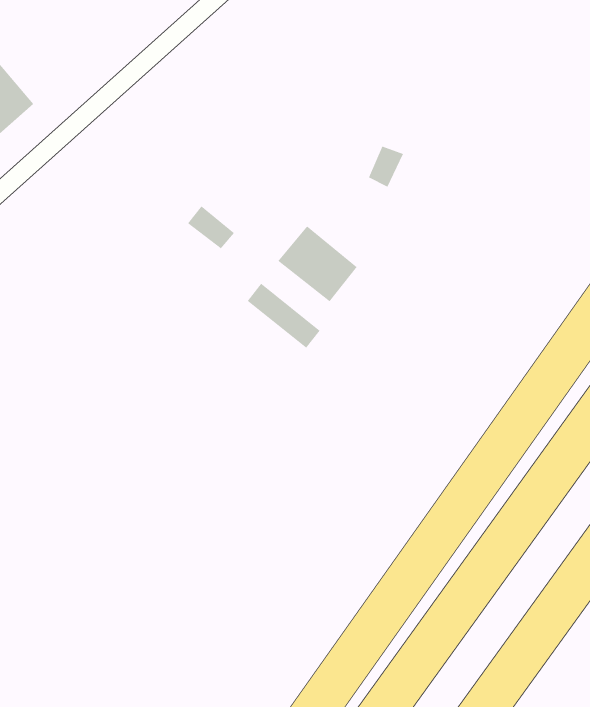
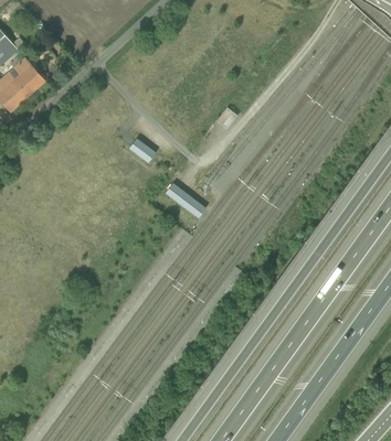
building: [277,226,358,302] -> none

